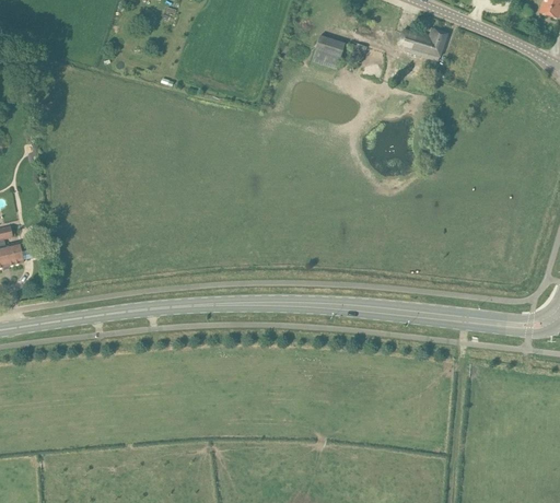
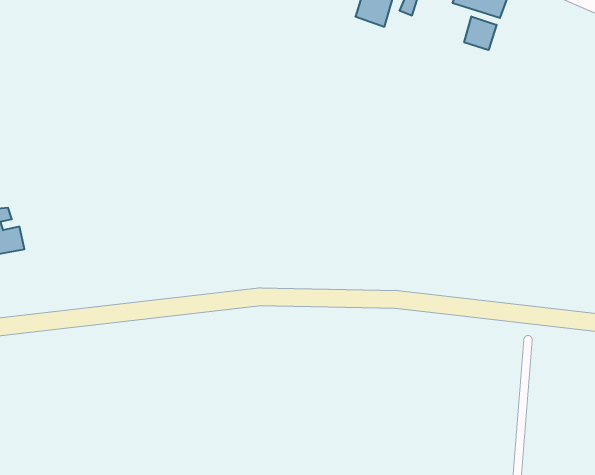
building: none -> [464,16,497,50]

